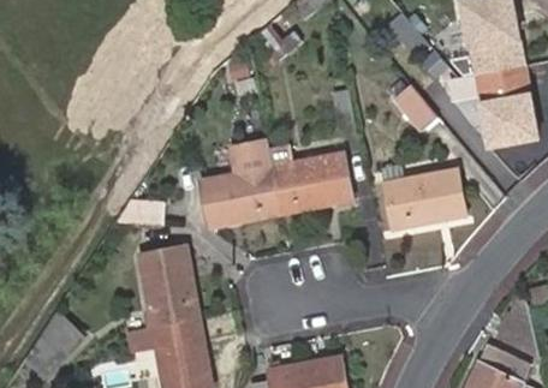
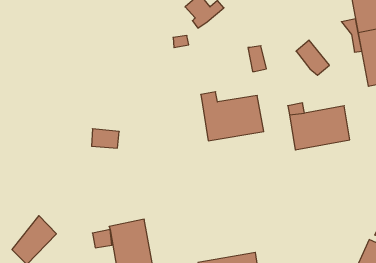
building: [202,142,280,226] -> none
building: [138,244,197,326] -> none

